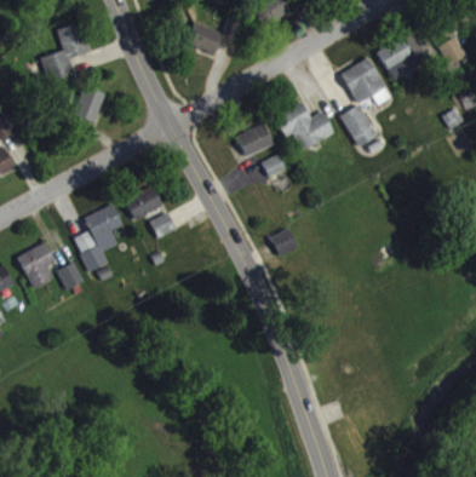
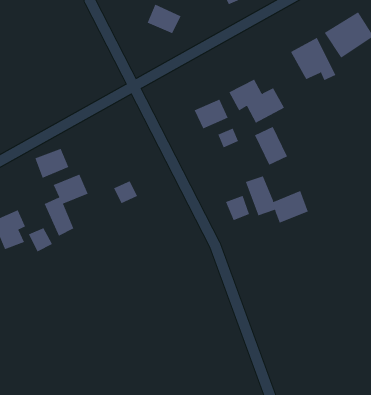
building: [39,22,88,81] -> none
building: [74,86,104,122] -> none
building: [340,104,377,146] -> [254,126,288,165]
building: [125,186,162,219] -> [34,148,69,178]
building: none -> [245,176,309,224]

